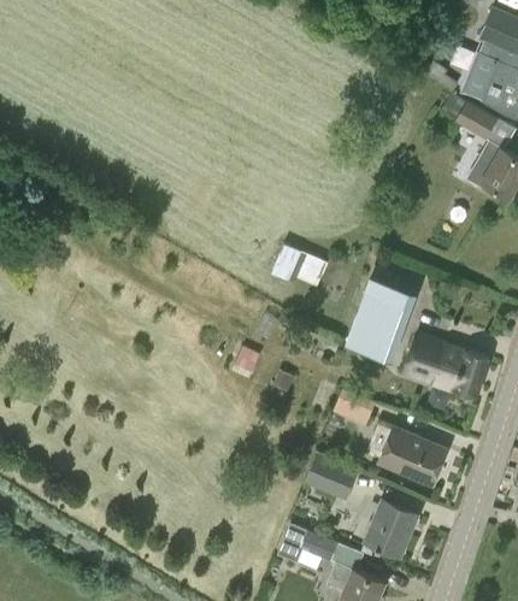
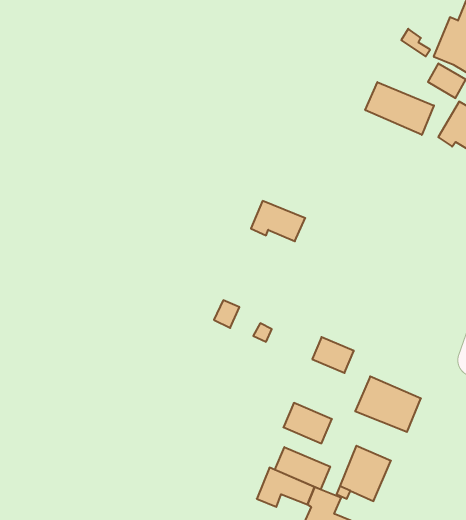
building: none -> [365,82,434,135]
building: [346,277,408,359] -> none
building: [402,334,489,397] -> none
building: none -> [275,447,330,489]

